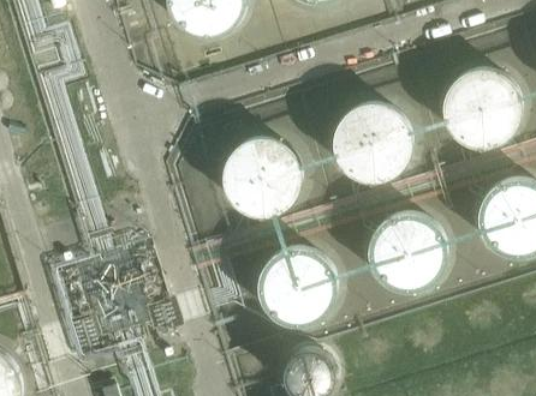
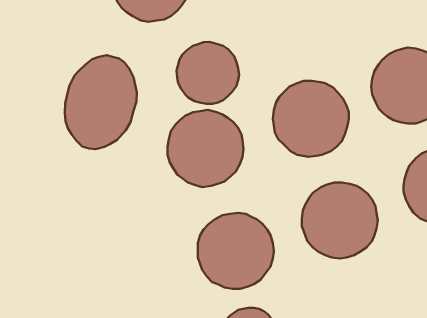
building: none -> [176,42,239,104]
building: none -> [65,55,137,149]

